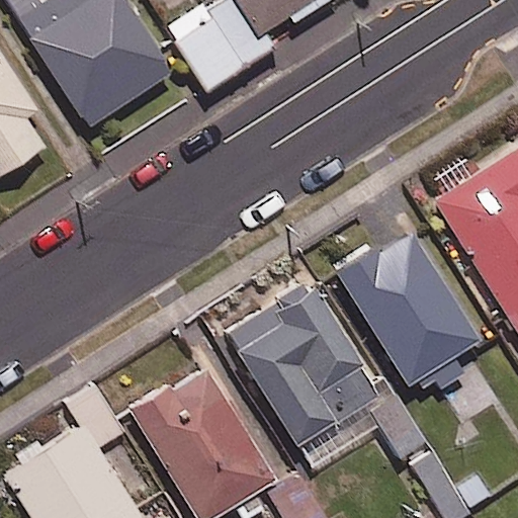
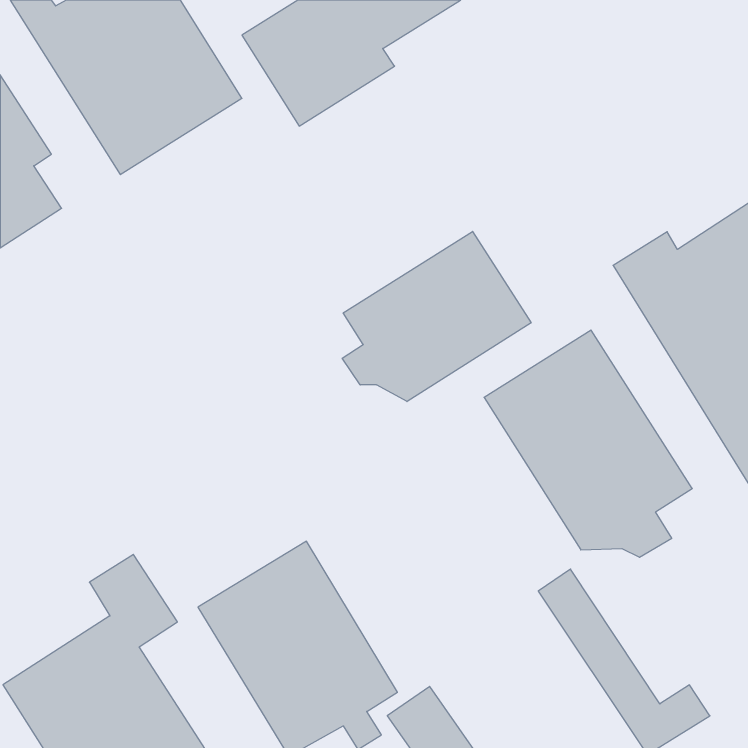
building: none -> [342,231,531,402]
building: [227,280,380,444] -> none

